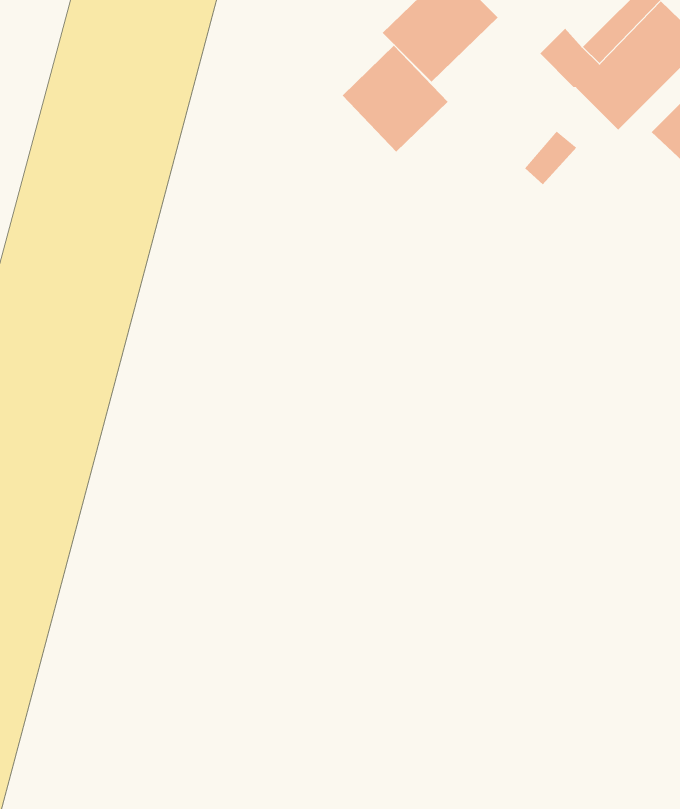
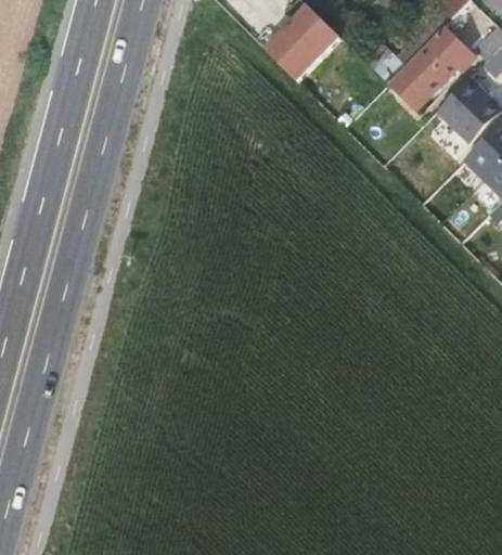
building: [342,45,448,153] -> none

